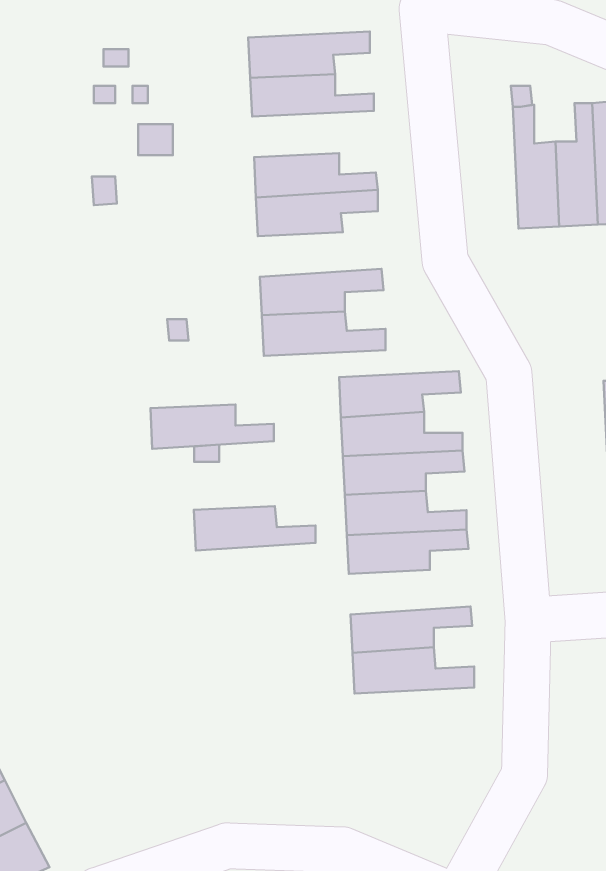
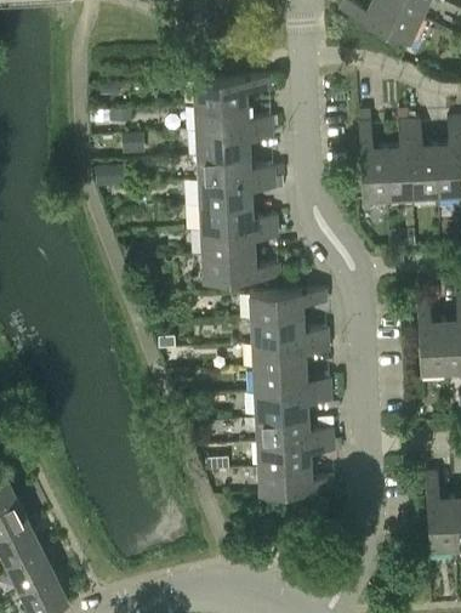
building: none -> [195,127,273,157]
building: [150,404,274,449] -> [199,204,277,232]
building: [194,506,315,550] -> [256,416,332,444]

